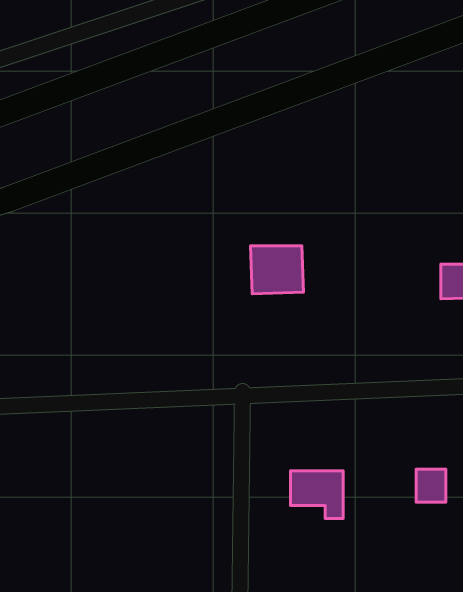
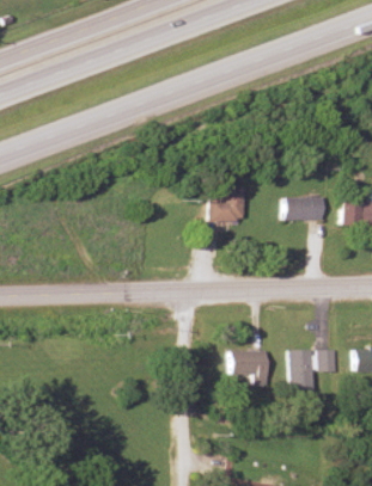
building: none -> [281,197,325,220]
building: none -> [291,349,316,392]

